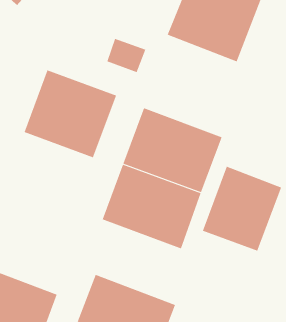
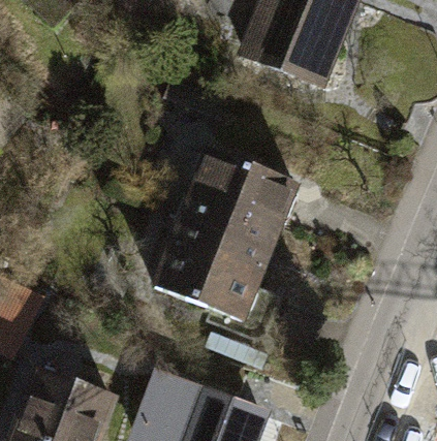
building: [24,70,117,158] -> none
building: [202,166,282,251] -> none

